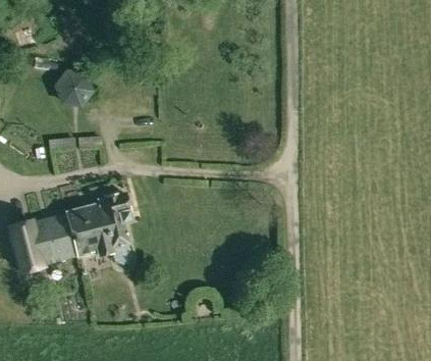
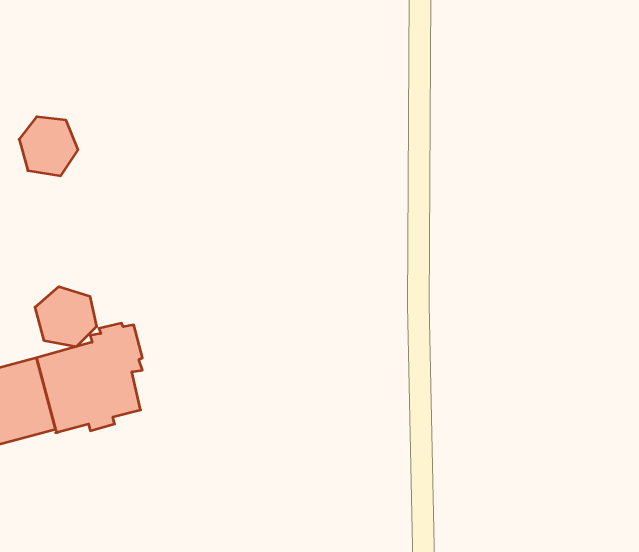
building: none -> [35,287,97,347]

